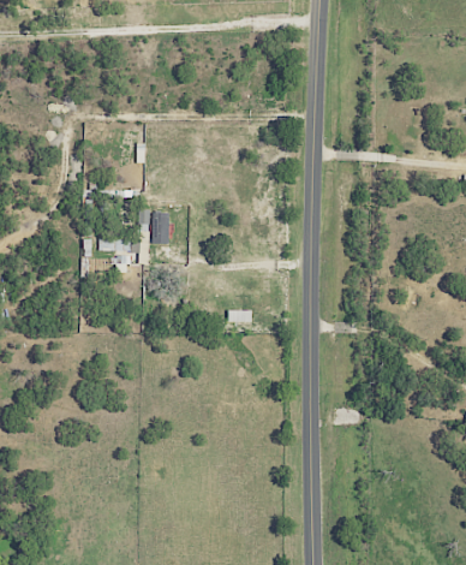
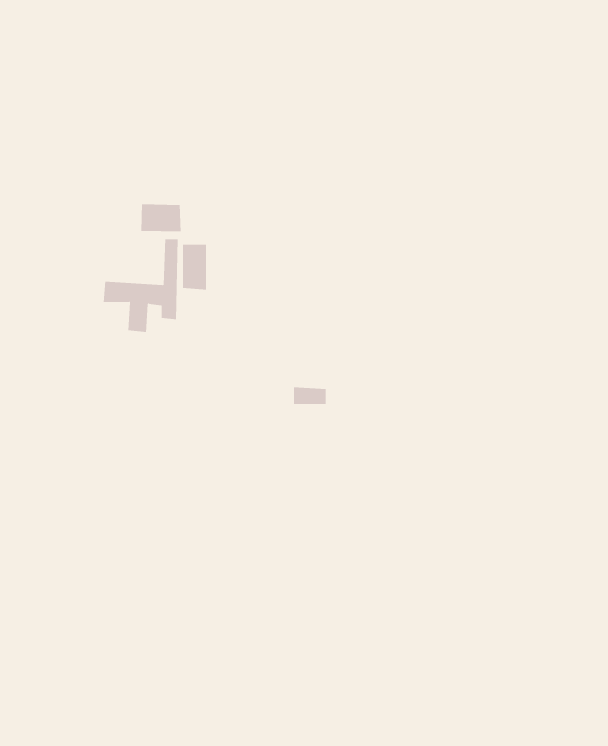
building: none -> [141,204,181,232]

